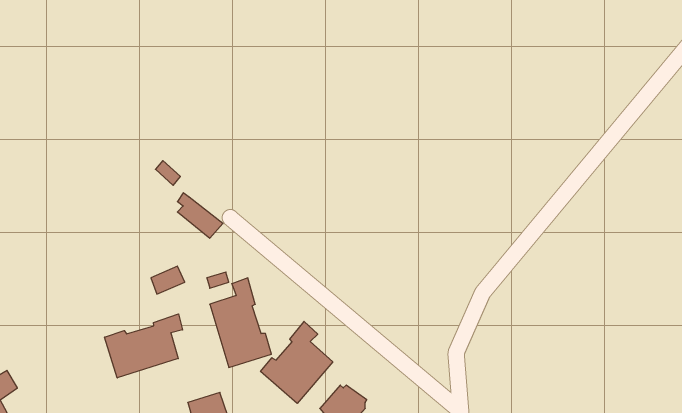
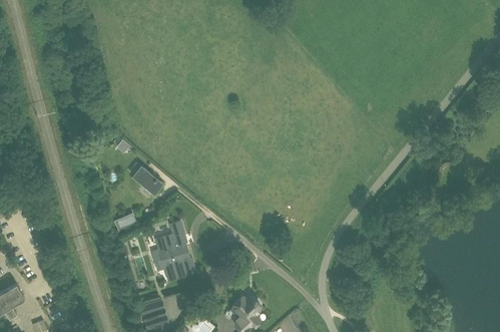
building: [105,314,183,378] -> none
building: [261,321,333,403] -> none

